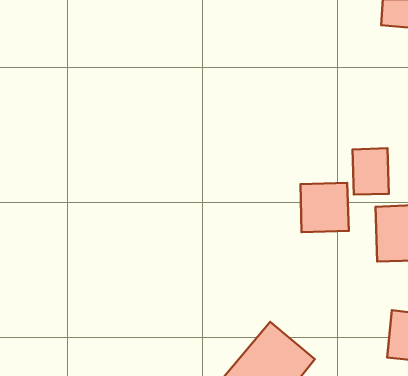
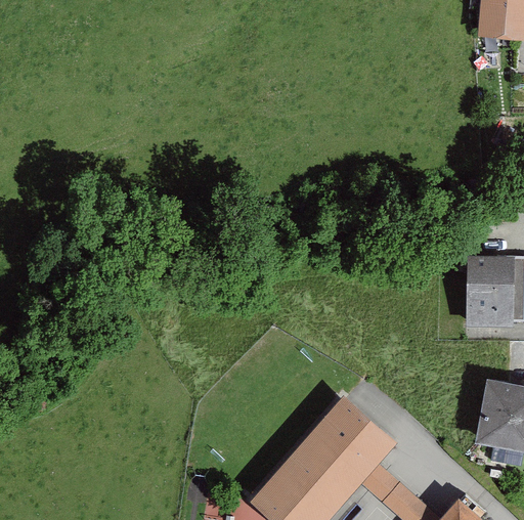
building: [352,148,389,194] -> none
building: [301,183,349,232] -> none

